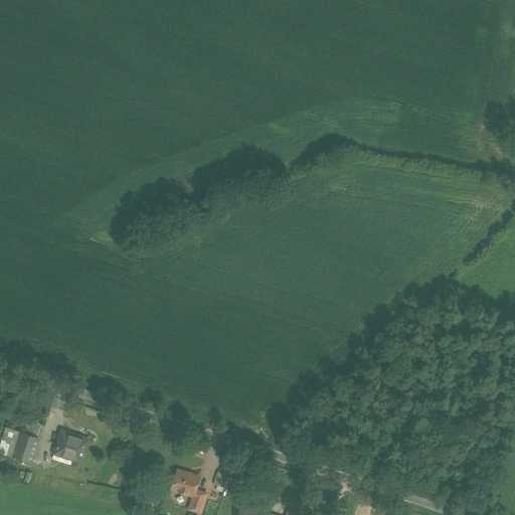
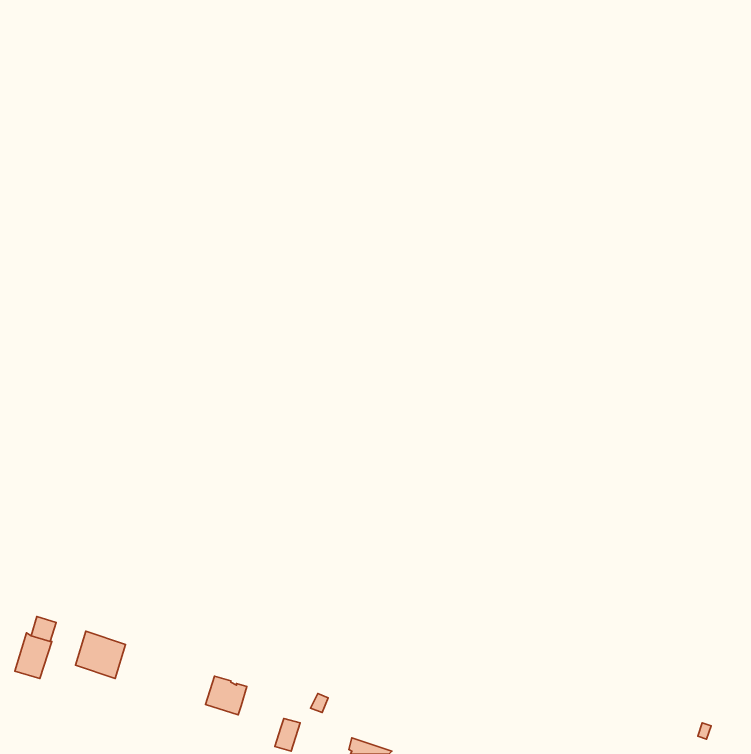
building: [169,469,197,495] -> [206,676,247,715]

